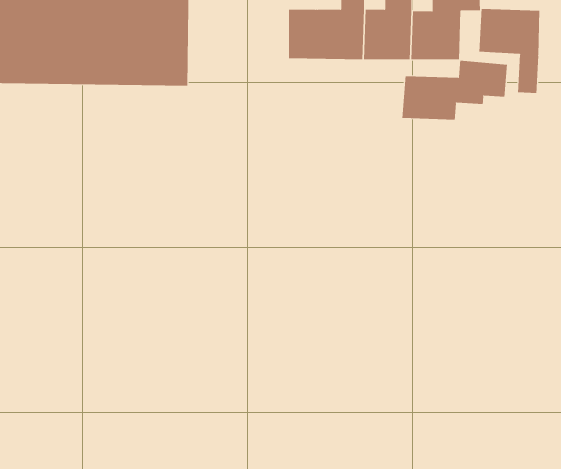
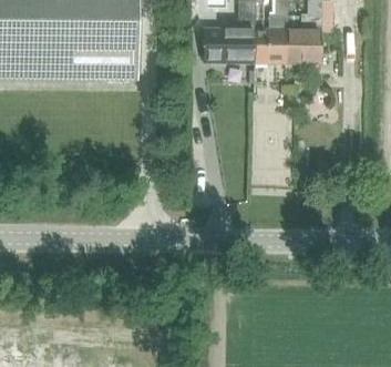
building: [479,8,540,94] -> none
building: [402,60,507,120] -> none

